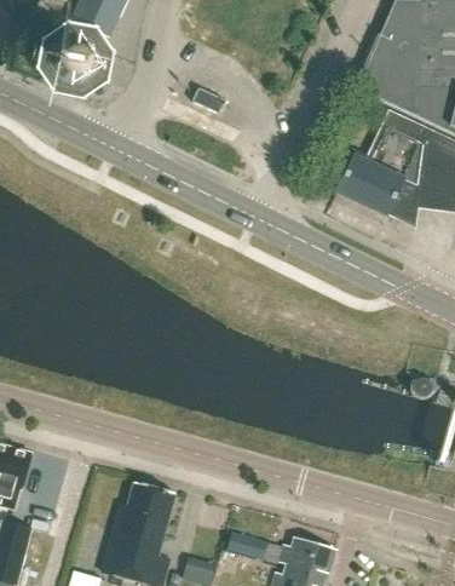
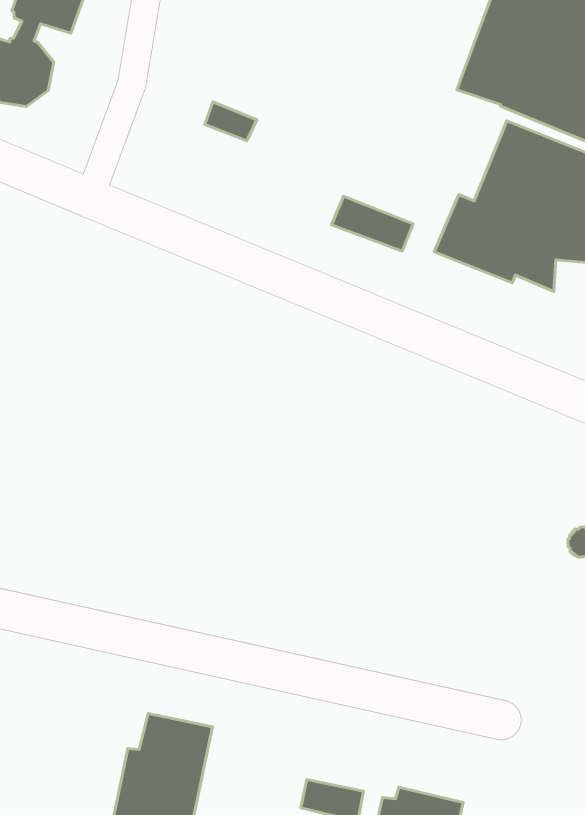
building: none -> [331,196,413,251]

